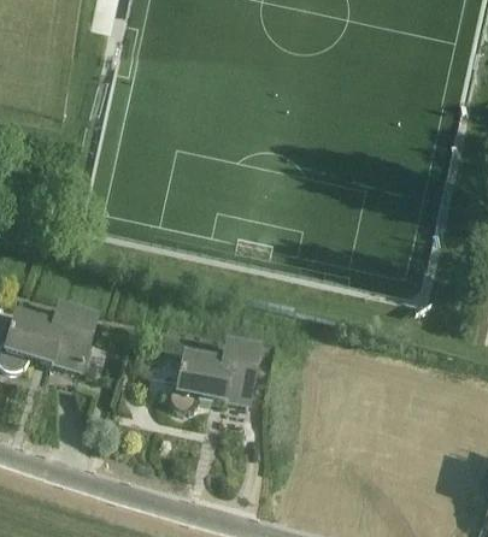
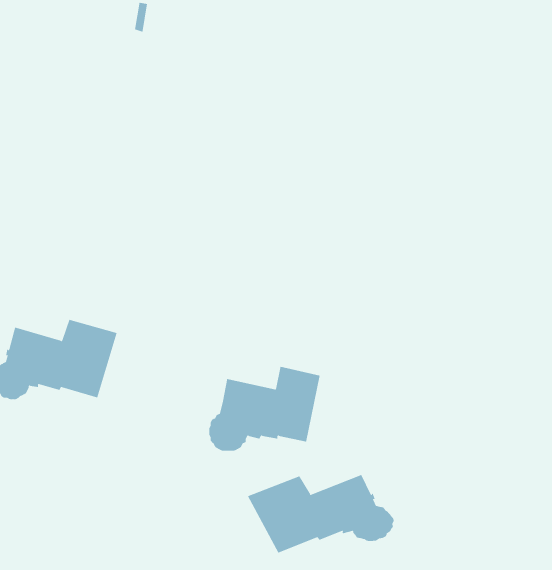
building: none -> [247,474,394,553]

